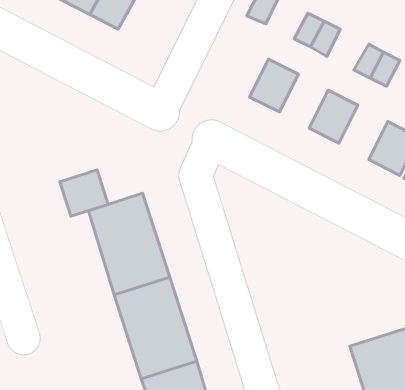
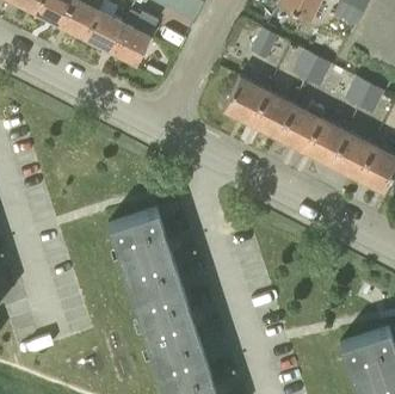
building: none -> [224,76,269,124]
building: none -> [278,104,325,152]
building: none -> [331,131,374,179]
building: [60,170,108,216] -> none

